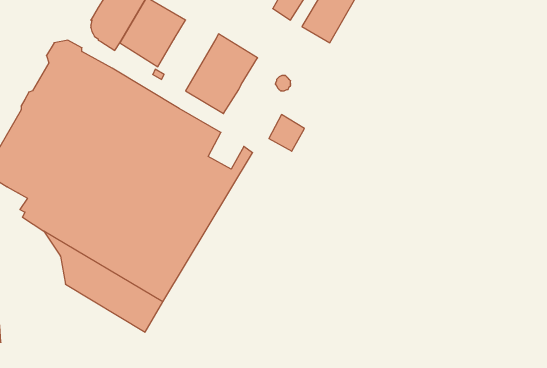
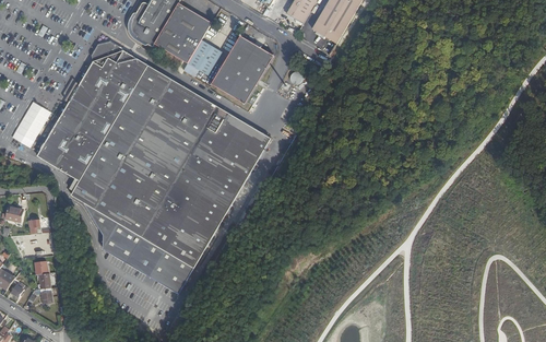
building: none -> [187,38,221,74]
building: [269,115,304,151] -> [230,119,261,151]

